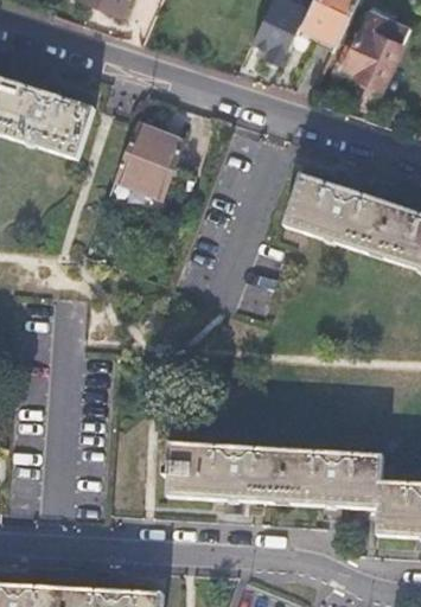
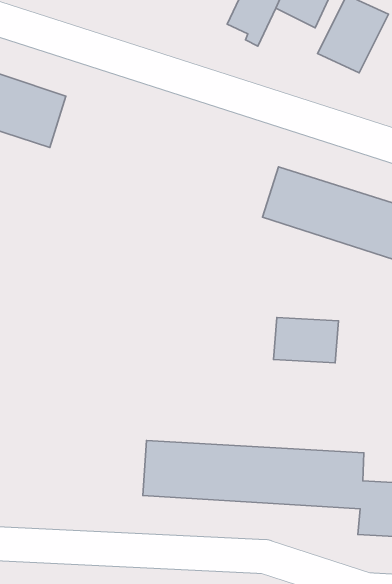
building: [116,124,186,198] -> none
building: none -> [273,317,338,363]

